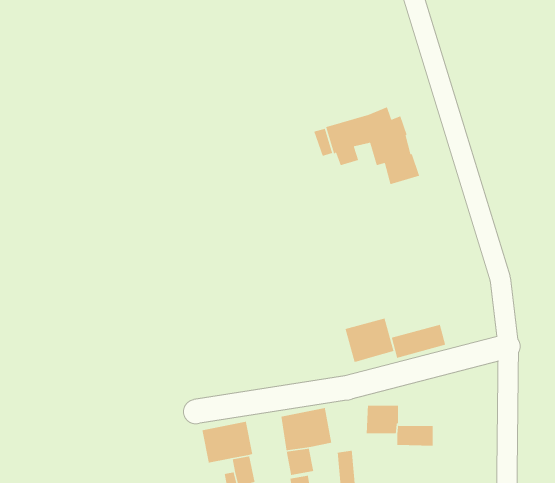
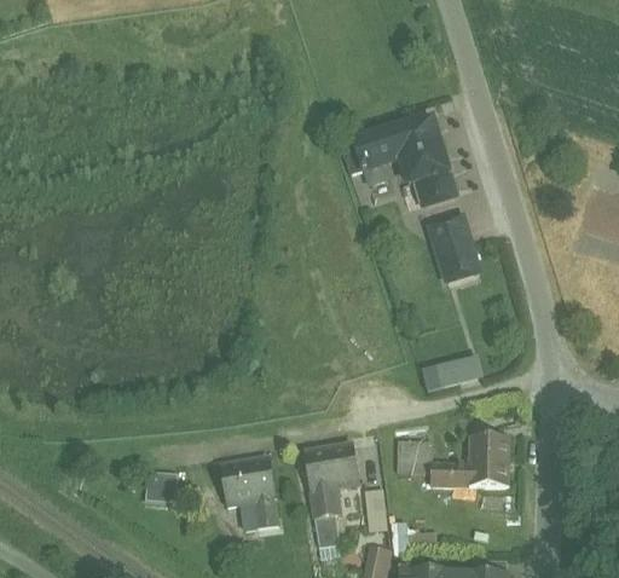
building: none -> [429,218,478,281]
building: [344,317,395,363] -> none
building: none -> [469,435,509,485]
building: none -> [144,470,178,502]

